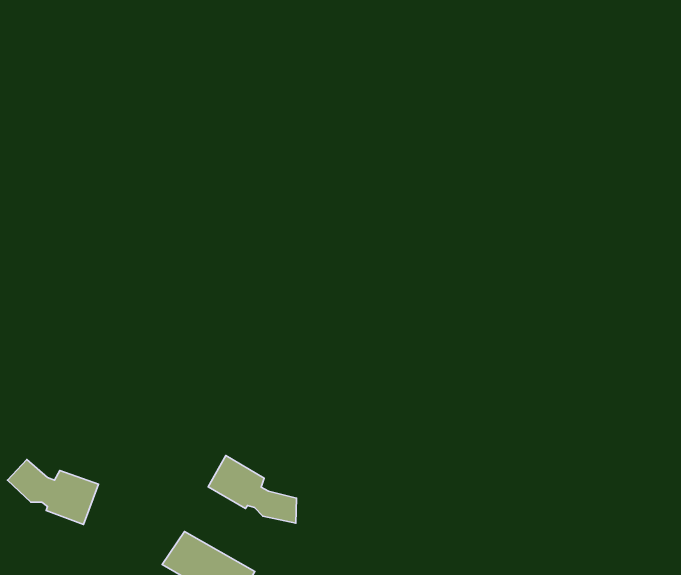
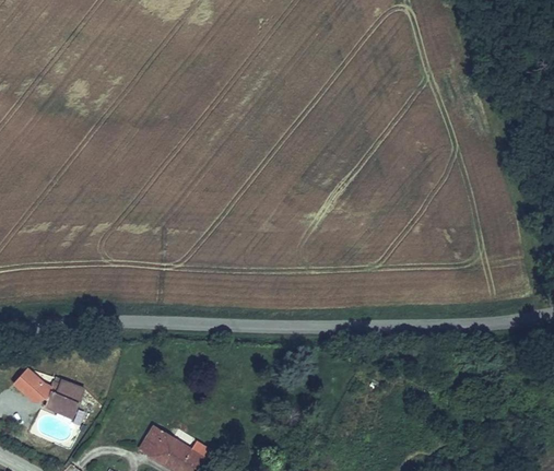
building: [208,456,297,523] -> none

